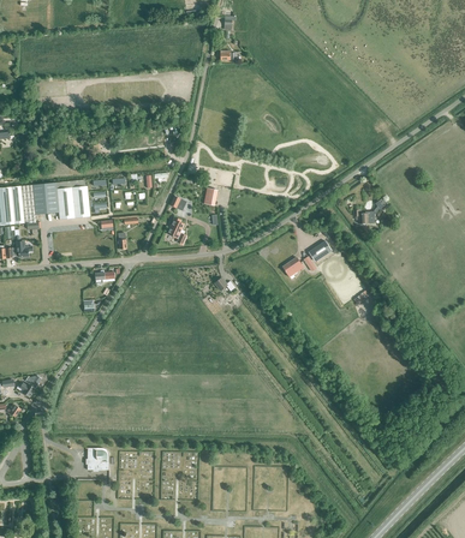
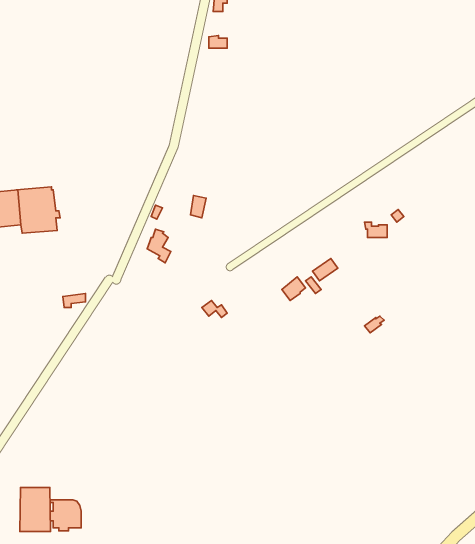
building: none -> [20,487,50,532]

